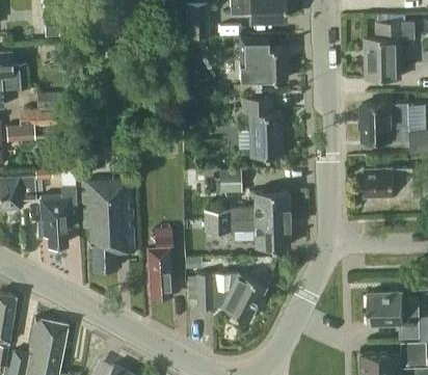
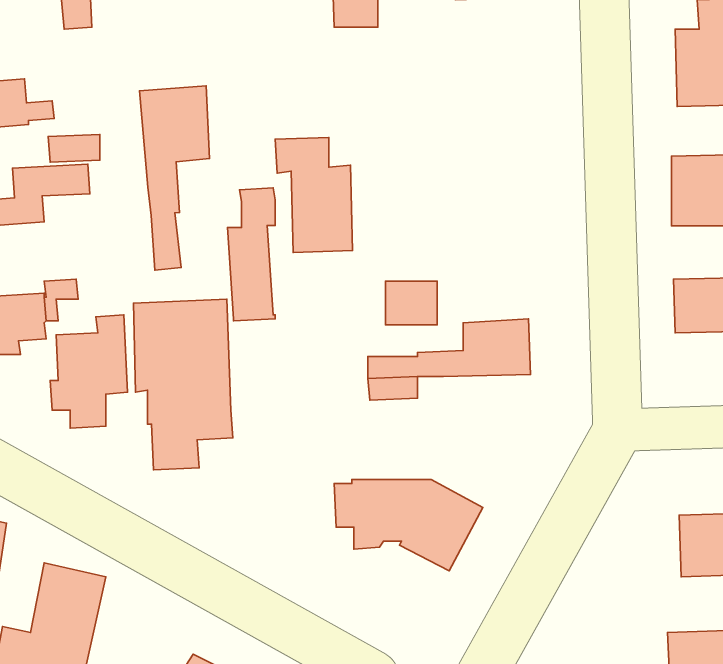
building: [237,36,286,82] -> none
building: none -> [139,86,209,270]
building: [241,97,282,157] -> [275,137,353,252]
building: [243,219,290,248] -> none
building: [146,229,171,298] -> [228,188,275,321]

